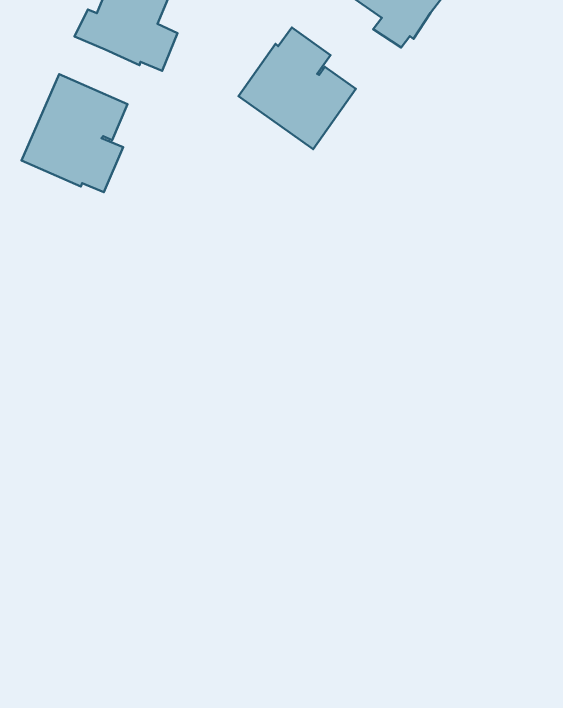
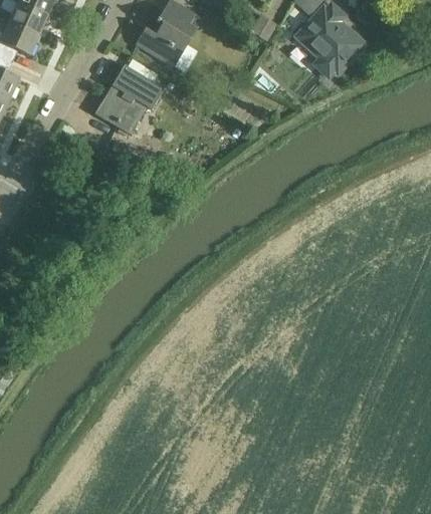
building: [239,28,356,149] -> none

